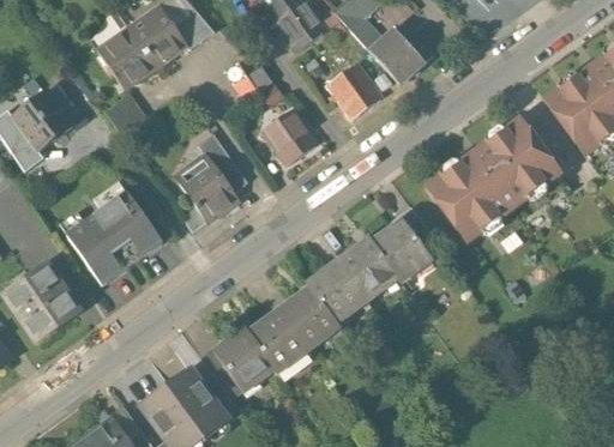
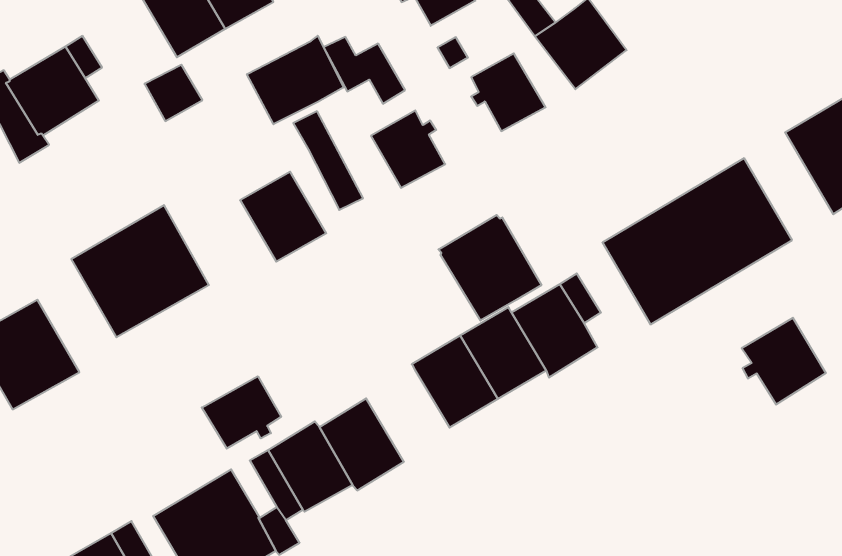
building: none -> [247,36,343,124]
building: none -> [438,215,541,321]
building: none -> [742,318,826,405]
building: [277,286,338,350] -> none
building: none -> [202,376,281,449]

